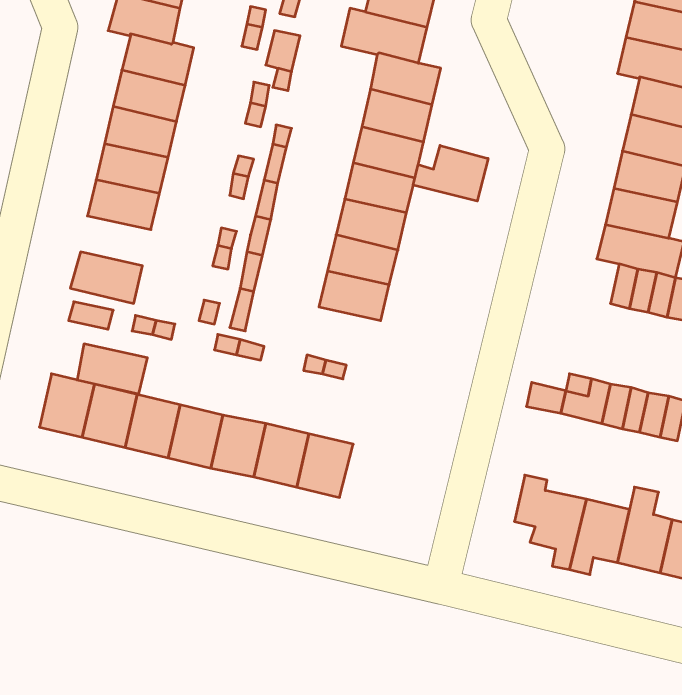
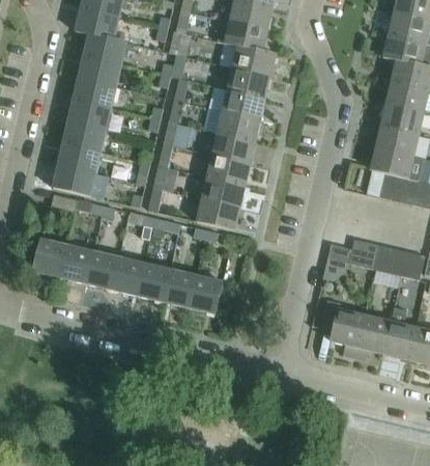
building: [413,145,488,201] -> none
building: none -> [197,198,239,229]
building: [77,344,147,394] -> [58,143,101,173]

